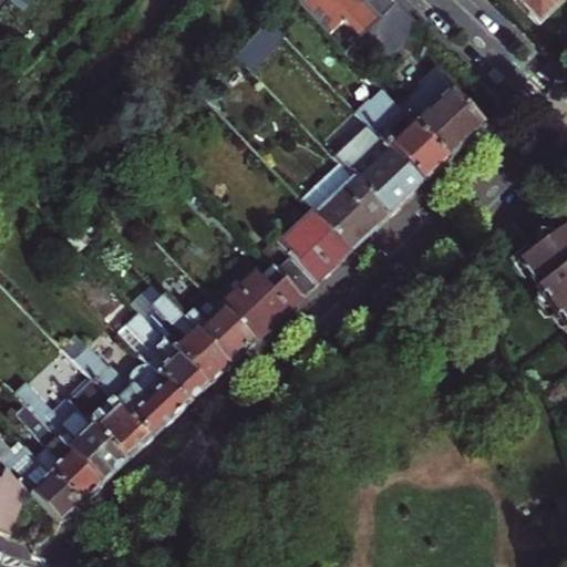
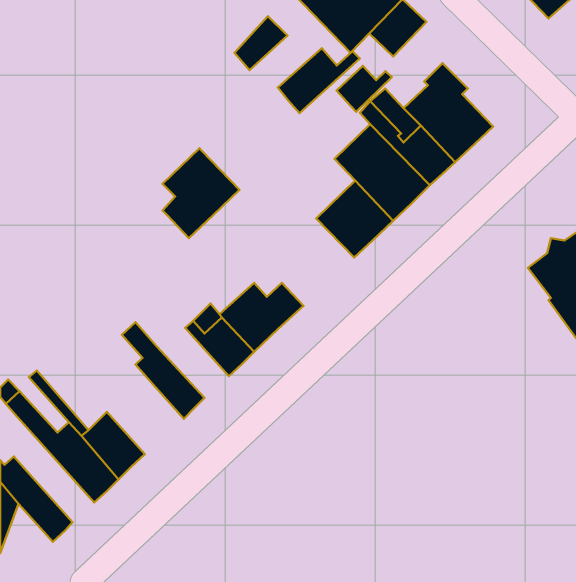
building: none -> [278,48,360,113]
building: none -> [337,66,392,112]
building: [278,208,352,295] -> [163,148,240,238]
building: [158,292,231,383] -> none
building: [78,343,188,437] -> none
building: [16,399,102,503] -> none

